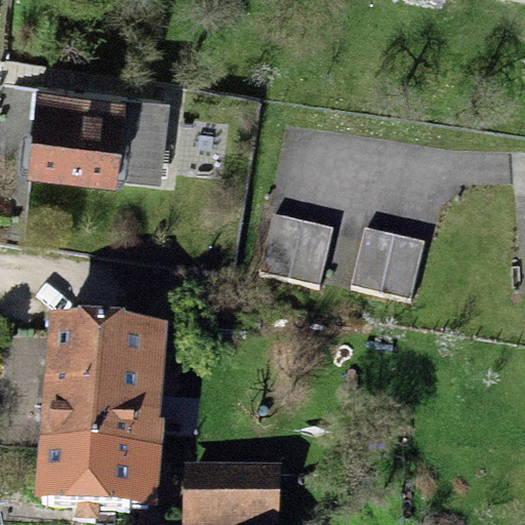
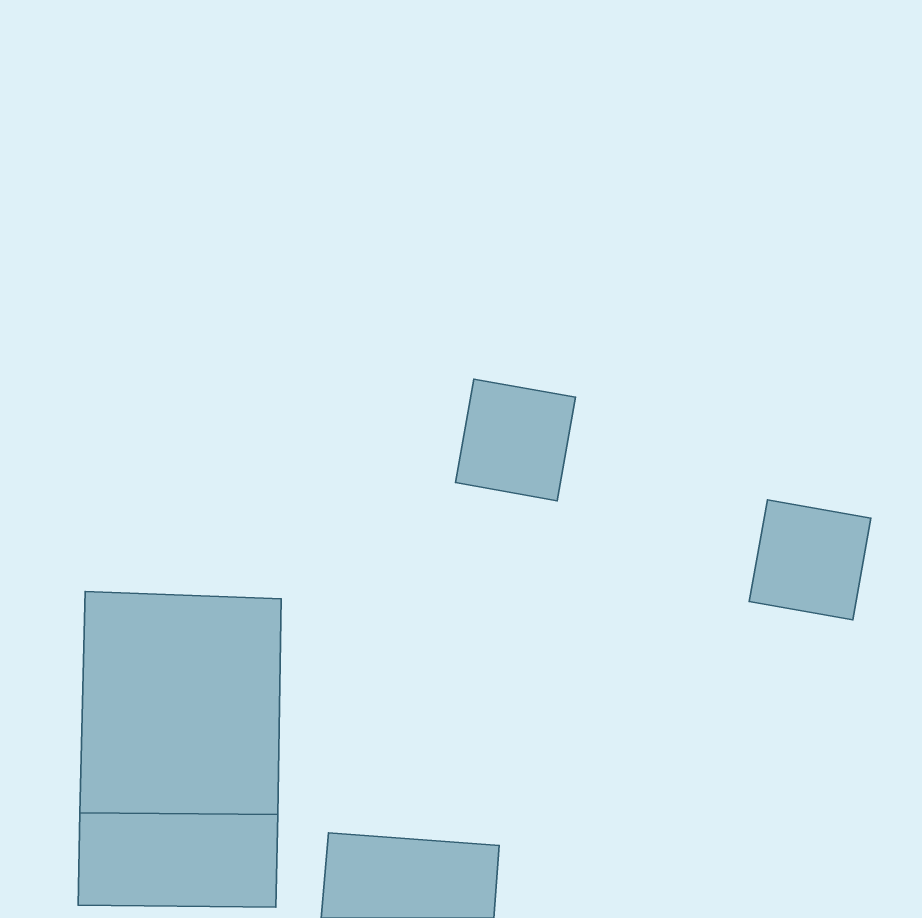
building: [28,83,174,176] -> none
building: [353,228,421,295] -> [749,500,871,620]

